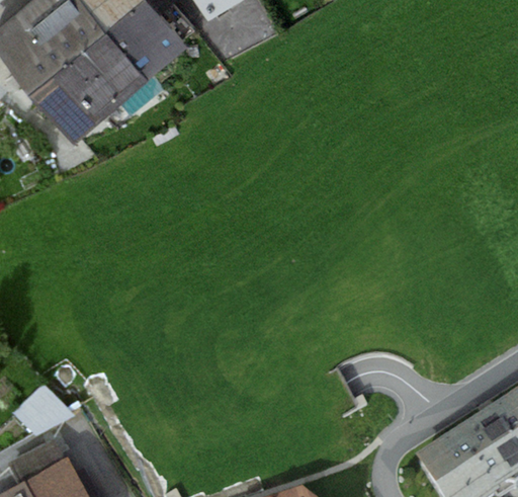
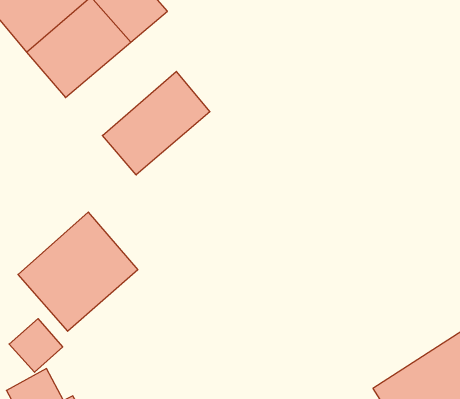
building: none -> [102,71,210,175]
building: none -> [18,212,138,331]

